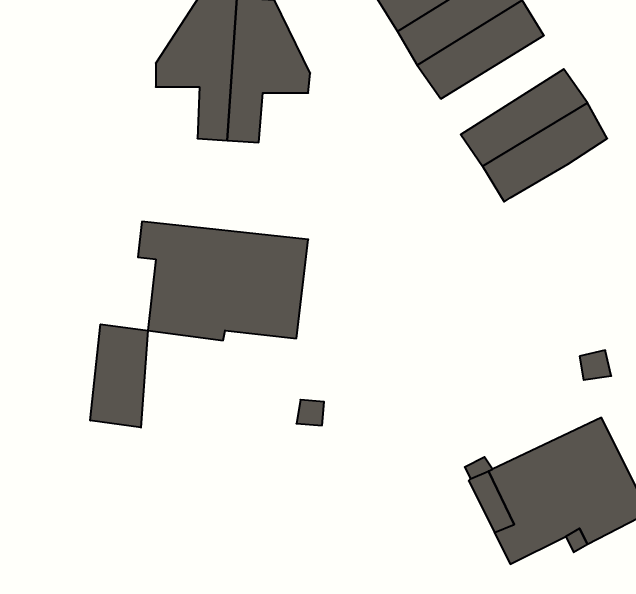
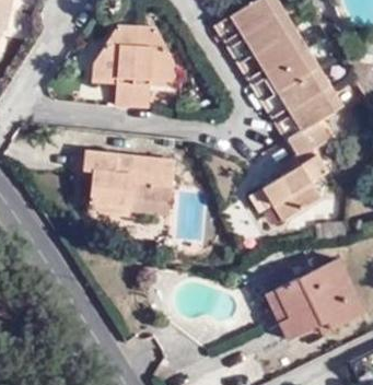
building: none -> [249,48,317,103]
building: none -> [263,119,331,221]
building: [90,324,148,428] -> none

